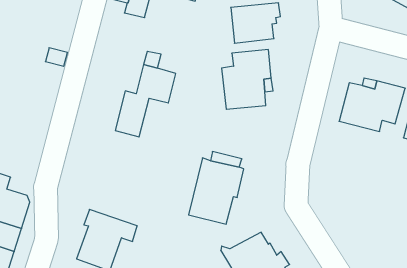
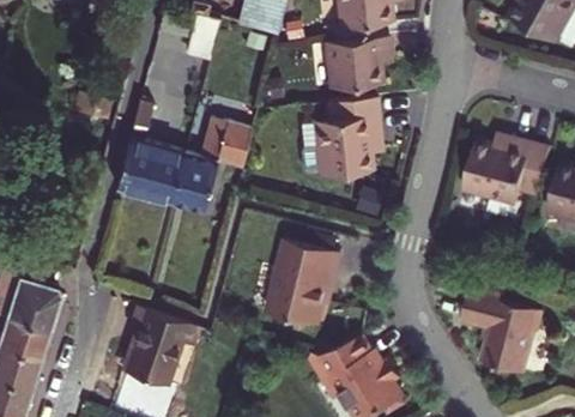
building: none -> [116,99,186,204]
building: none -> [462,290,541,375]

